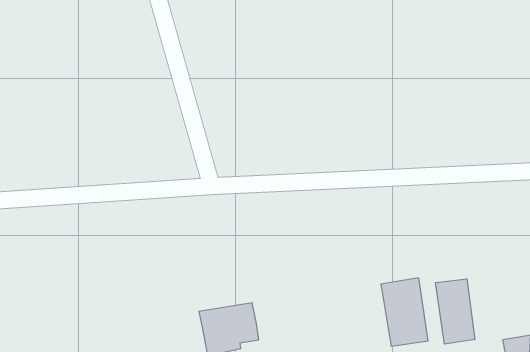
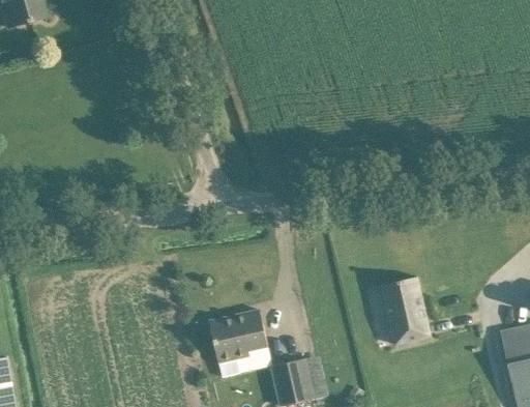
building: [436,279,475,344] -> none

